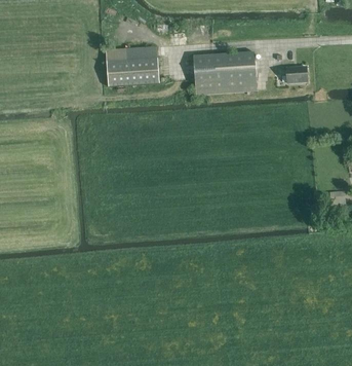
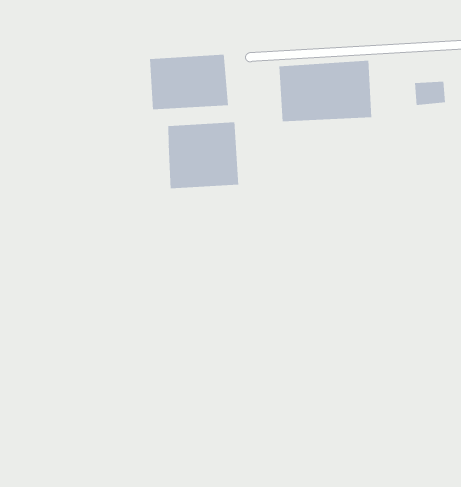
building: none -> [168,122,239,189]

